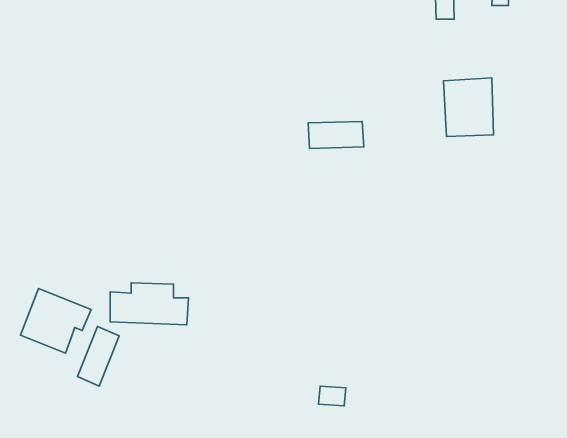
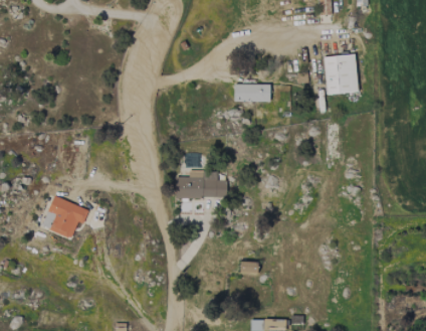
building: [110,283,188,325] -> [176,170,228,198]
building: [77,326,119,386] -> none

